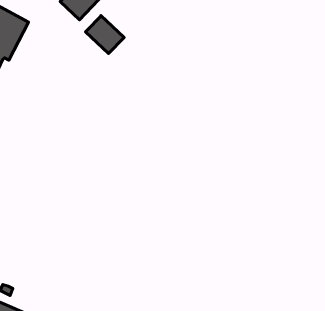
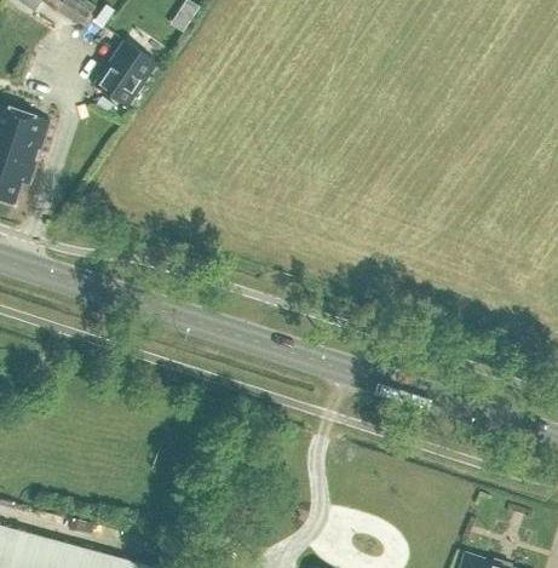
building: [86,16,124,54] -> none

